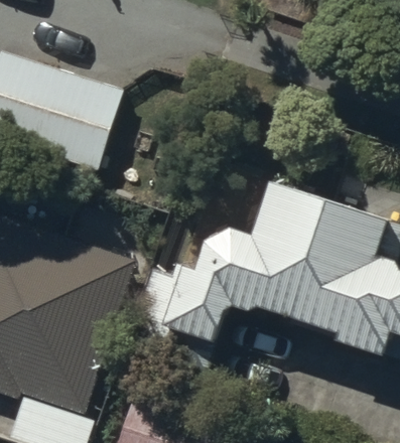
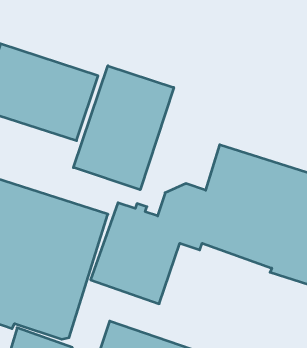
building: none -> [73,66,174,190]

